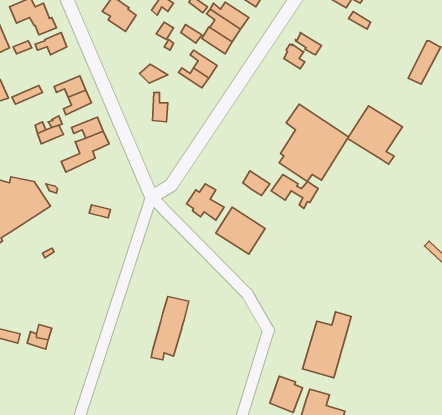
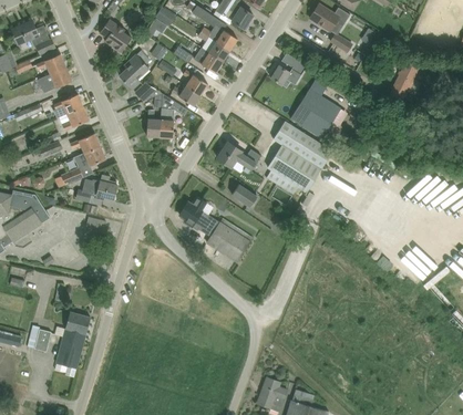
building: none -> [119,50,150,89]
building: none -> [38,66,72,91]
building: none -> [160,94,178,137]
building: [347,106,402,164] -> [289,87,341,143]
building: none -> [74,174,116,201]
building: [271,174,318,208] -> [216,142,260,174]
building: [151,297,189,360] -> [54,312,90,372]
building: [302,312,351,378] -> none

